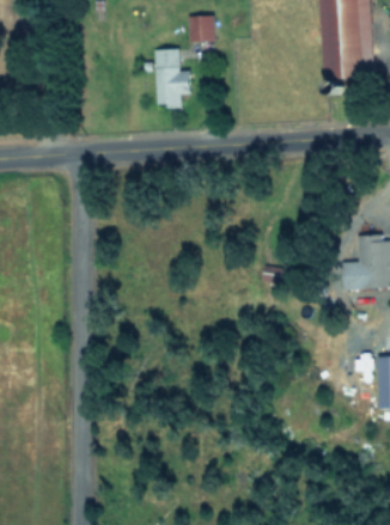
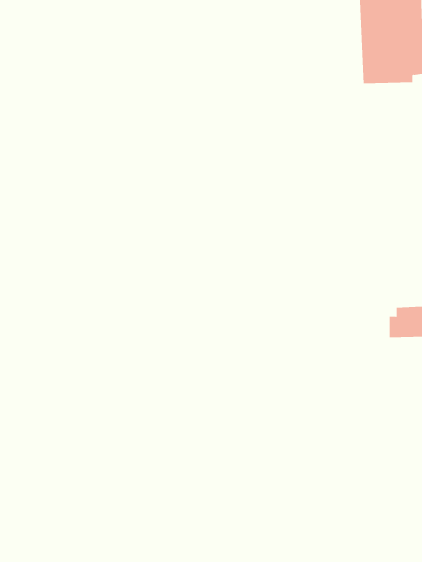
building: [188,14,215,41] -> none
building: [154,48,191,106] -> none

